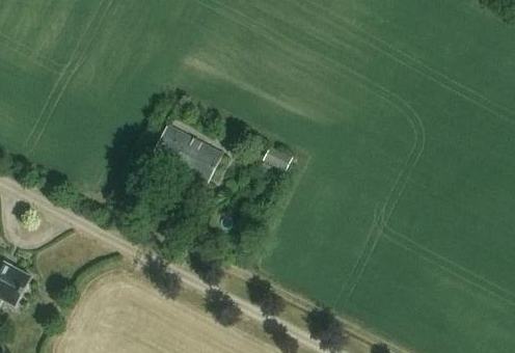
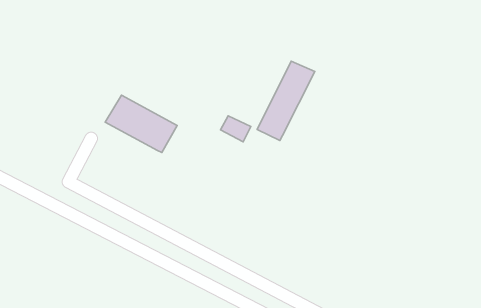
building: none -> [257,61,315,141]

